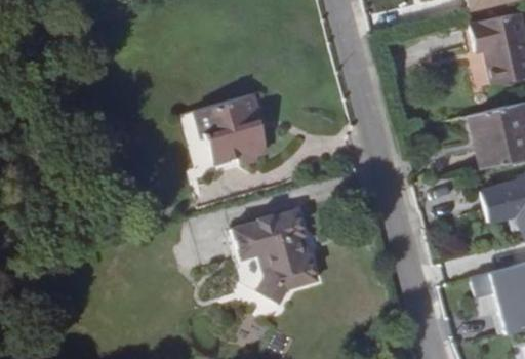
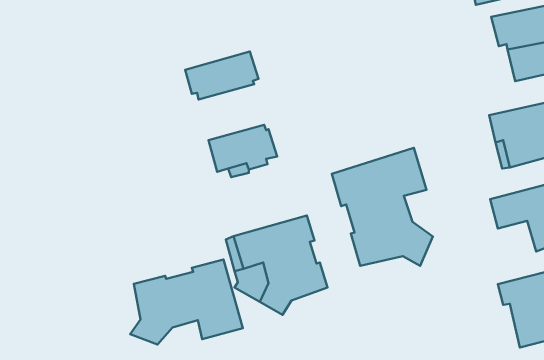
building: [194,93,262,138] -> [185,51,258,99]
building: none -> [332,148,433,266]
building: none -> [130,260,243,345]

